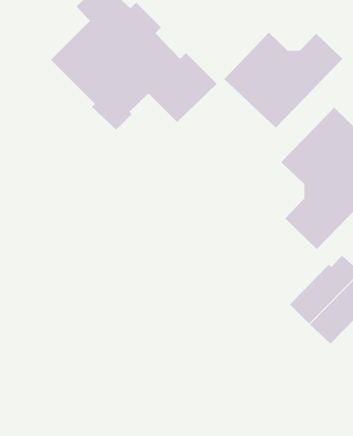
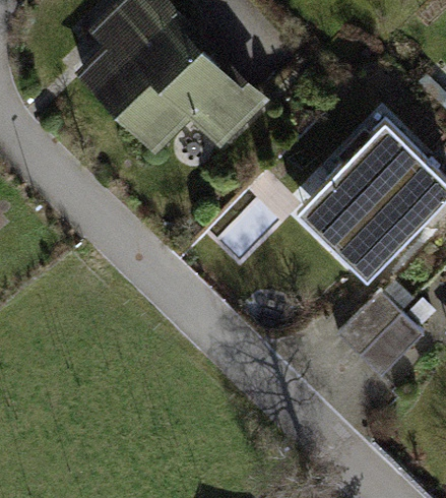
building: [223,32,343,128] -> none

